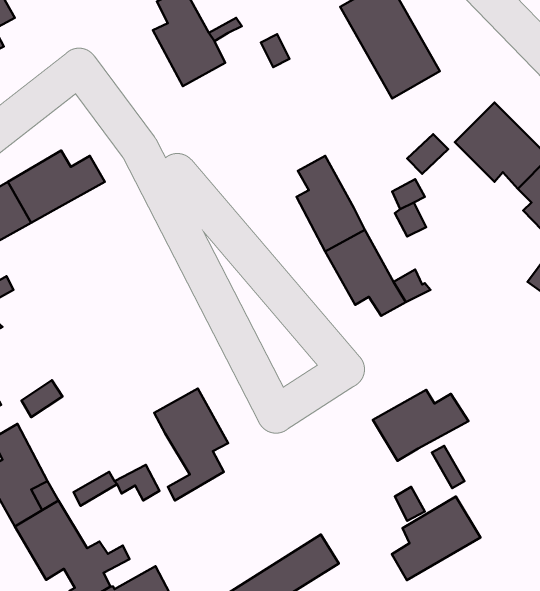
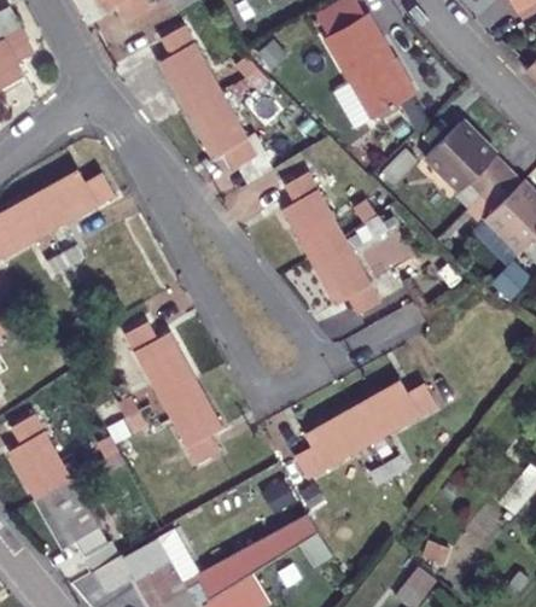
building: none -> [183,91,256,168]
building: none -> [101,320,197,399]
building: [392,497,481,580] -> [295,405,373,479]

